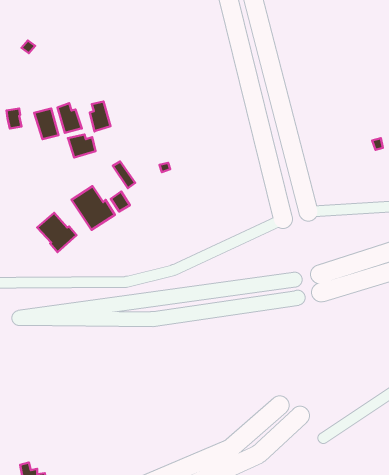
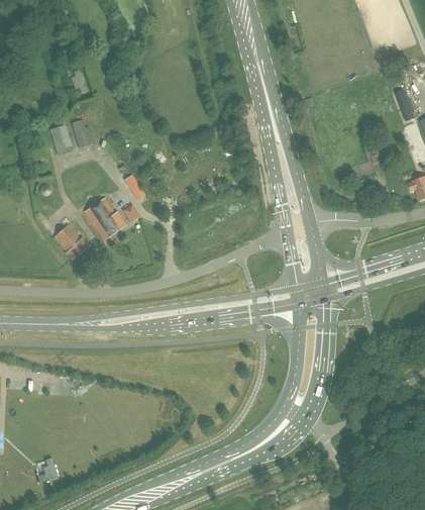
building: [90,102,111,131] -> none
building: [68,134,95,158] -> none

